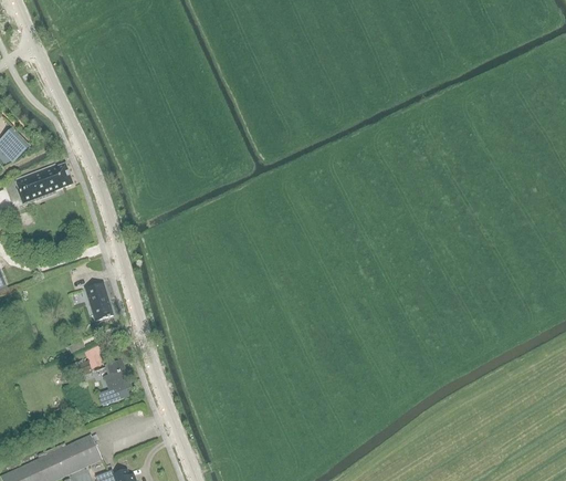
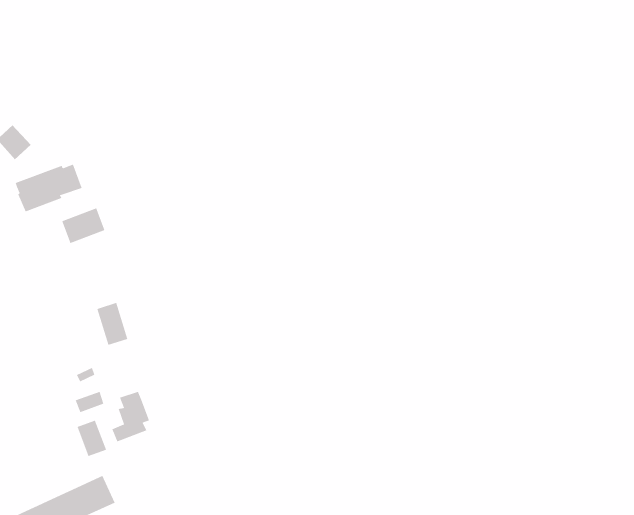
building: none -> [61,207,105,244]
building: none -> [77,420,107,457]

